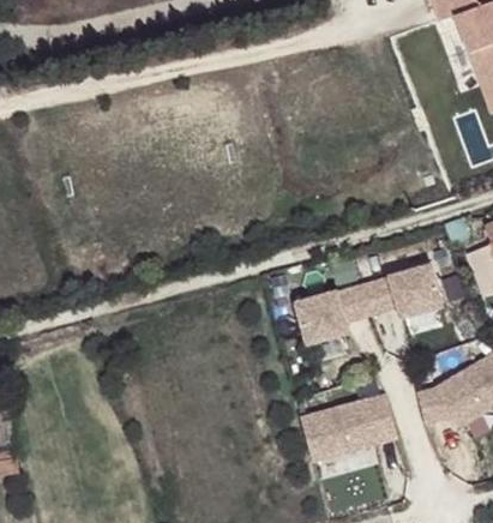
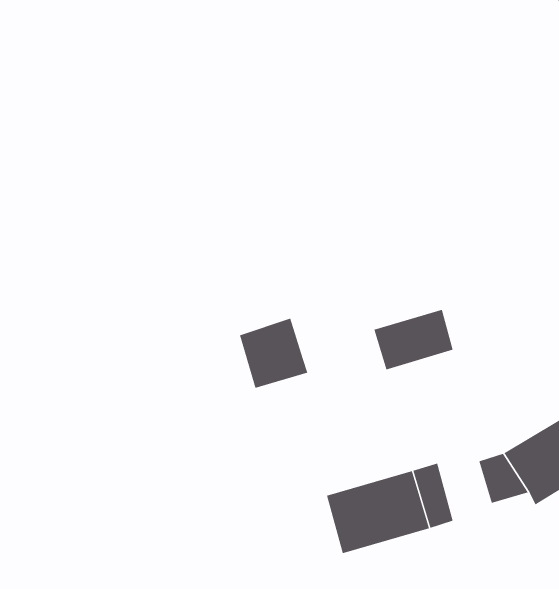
building: [385,265,439,319] -> none
building: [293,293,345,347] -> [239,318,308,388]

